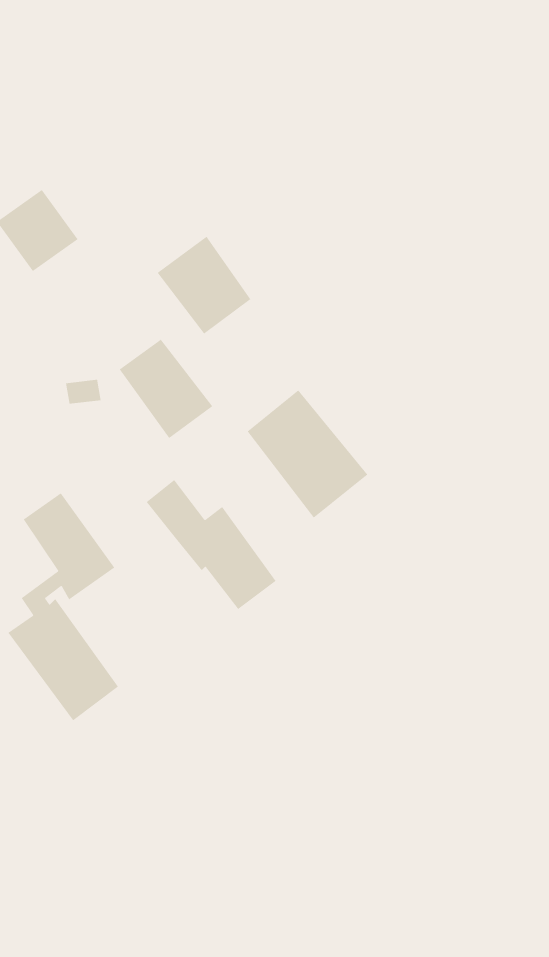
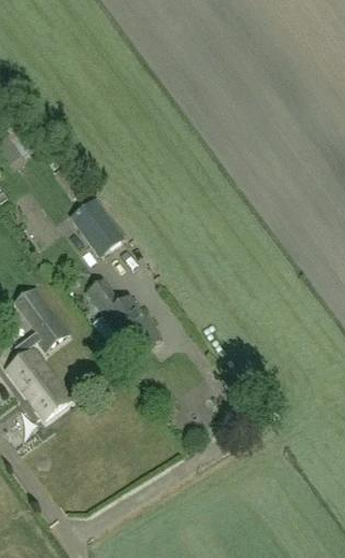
building: [157,236,251,335] -> none
building: [247,389,368,518] -> none

